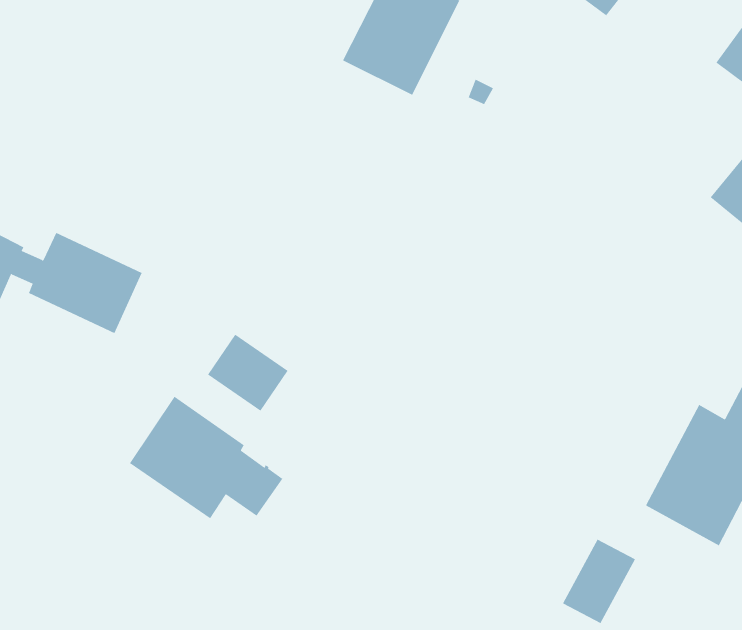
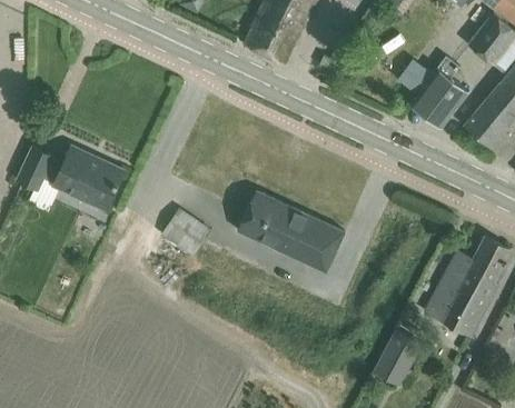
building: none -> [405,56,469,127]
building: none -> [238,189,345,271]
building: [129,396,283,519] -> none

